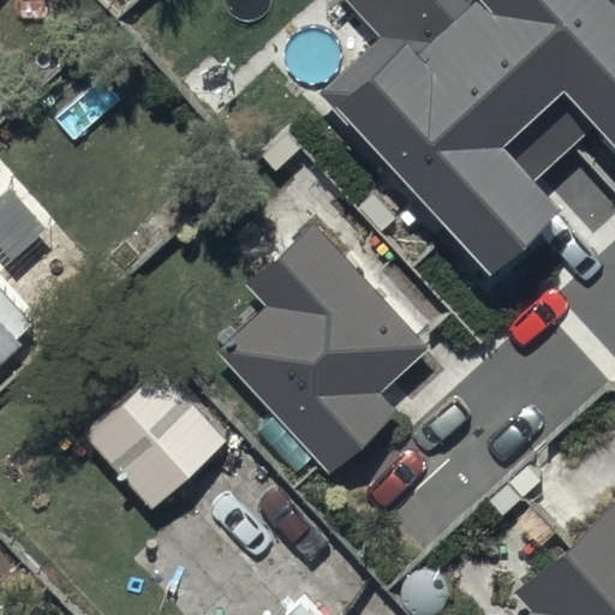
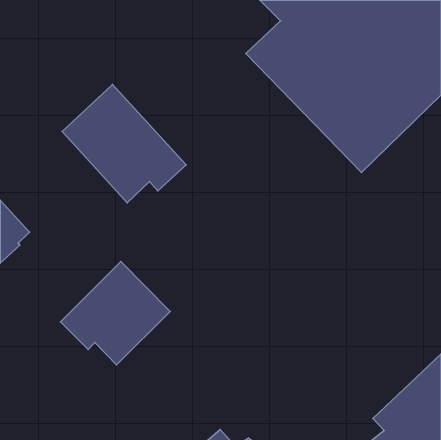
building: none -> [62,84,186,203]
building: [219,225,429,473] -> none

